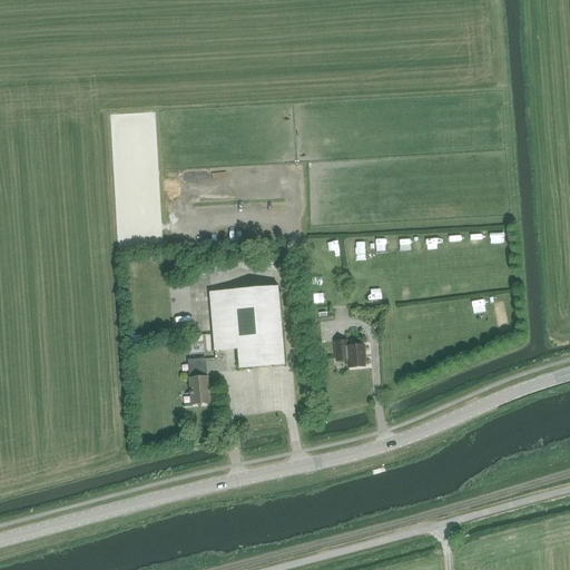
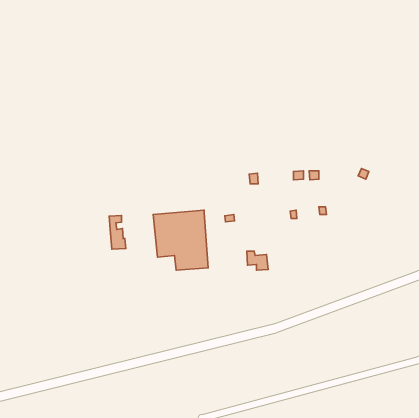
building: [188,357,210,403] -> [109,215,126,249]

